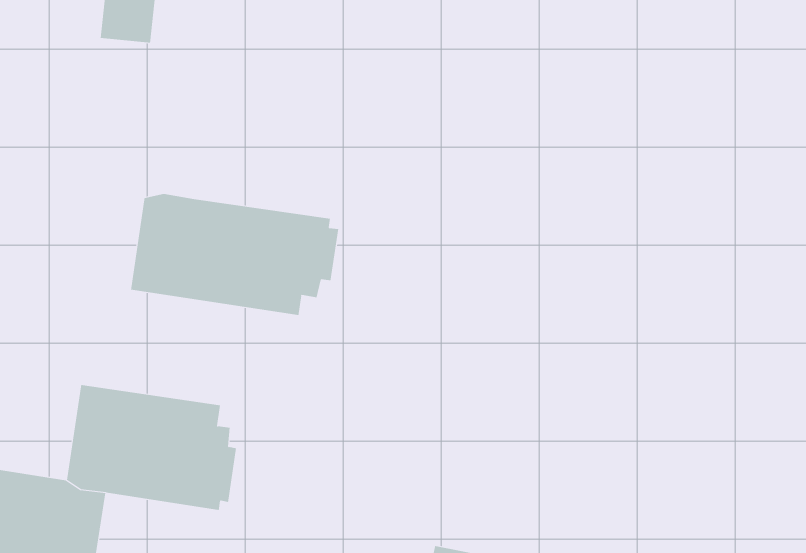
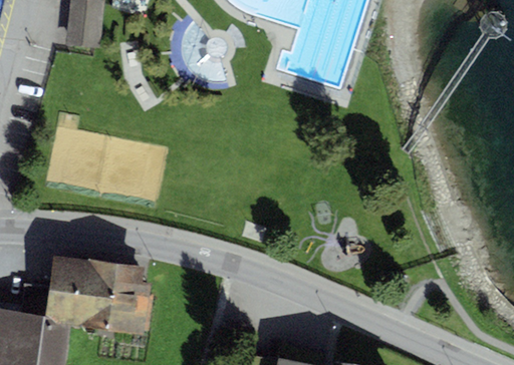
building: [130,193,339,316] -> none

